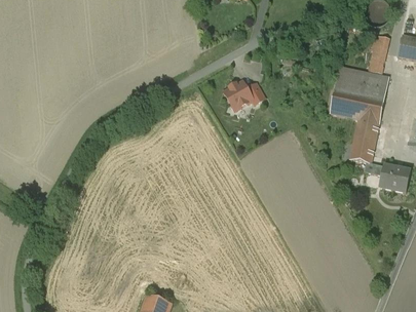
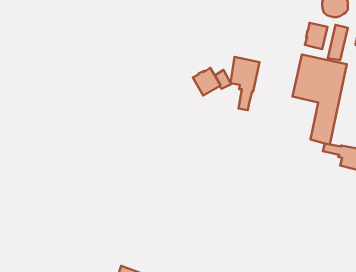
building: none -> [305,23,327,49]
building: none -> [231,57,259,110]

